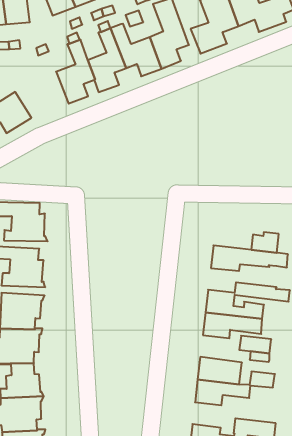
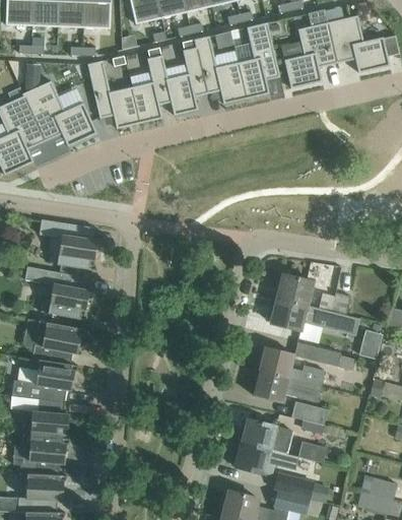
building: none -> [87,60,140,128]
building: none -> [278,274,313,306]
building: none -> [273,472,329,503]

